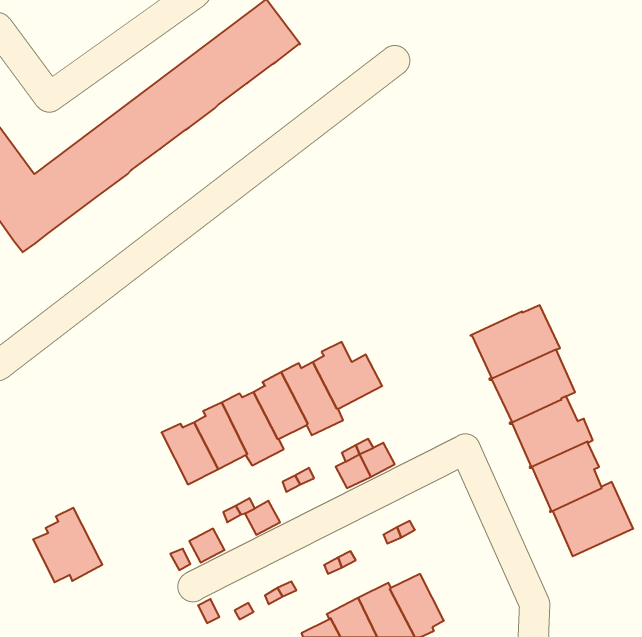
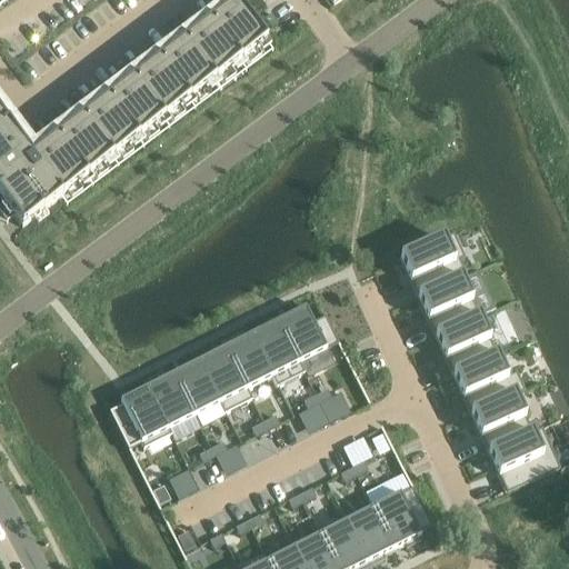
building: none -> [398,230,466,296]
building: [33,508,102,582] -> [107,381,168,447]
building: none -> [362,471,431,547]

